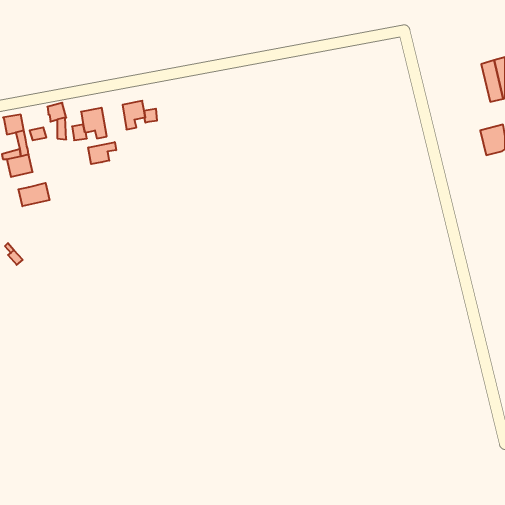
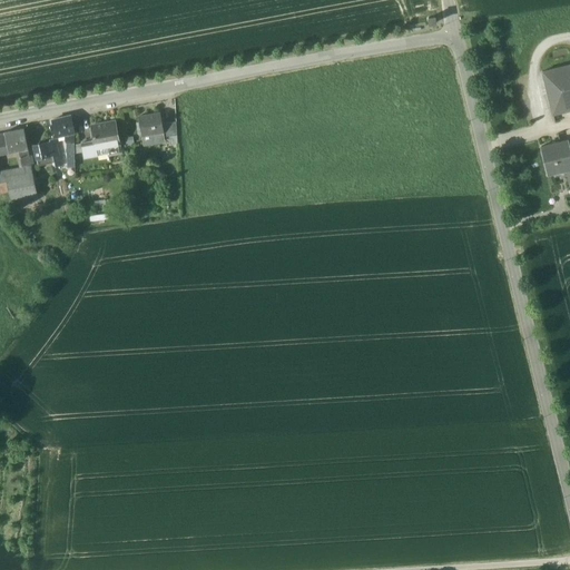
building: [88,142,116,164] -> none
building: [18,183,50,206] -> none

